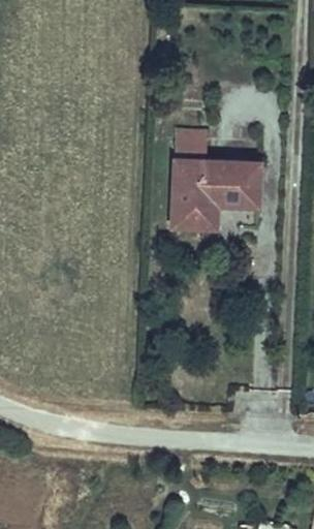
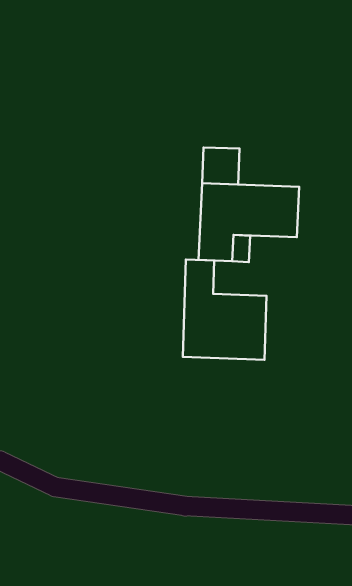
building: none -> [183,259,267,360]

